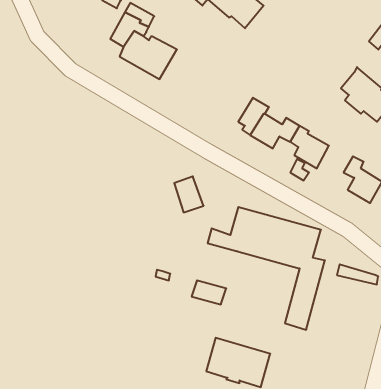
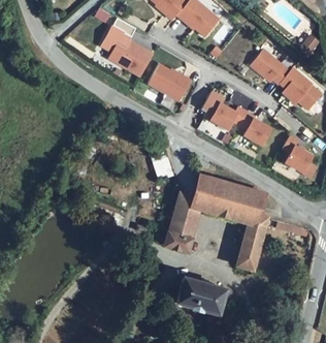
building: none -> [251,50,290,85]
building: none -> [148,64,191,101]
building: none -> [168,204,199,239]

